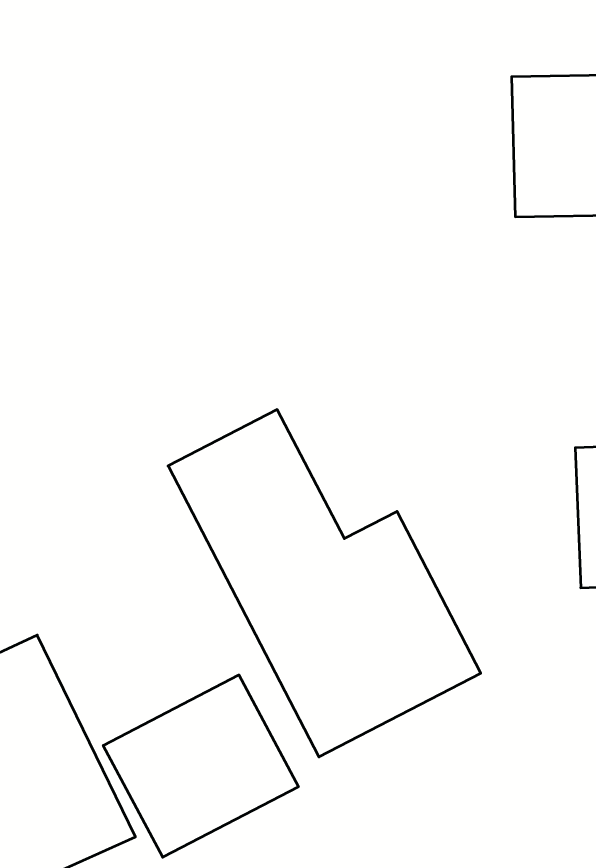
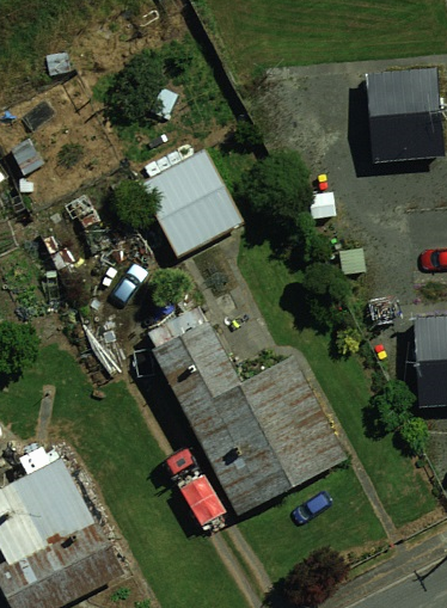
building: none -> [135,140,245,256]
building: [103,675,298,857] -> none

